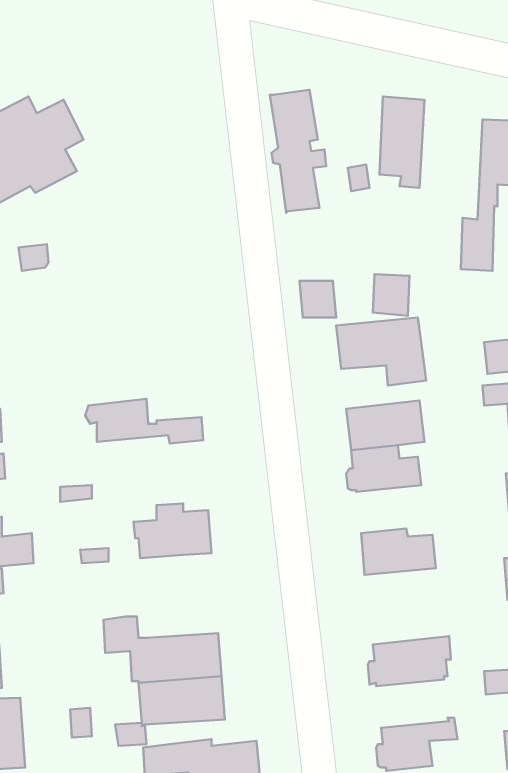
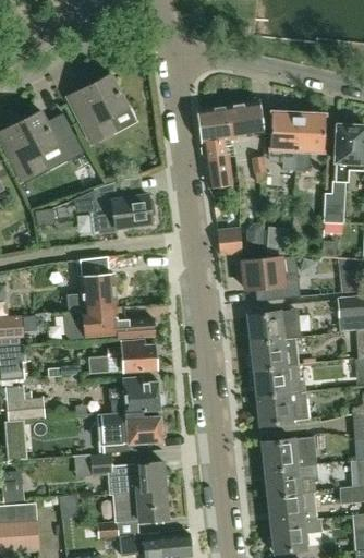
building: none -> [68,75,128,144]
building: none -> [225,101,264,140]
building: none -> [296,113,326,172]
building: none -> [89,180,155,235]
building: none -> [66,257,118,315]
building: none -> [108,341,157,374]
building: none -> [255,366,305,398]
building: none -> [101,412,165,452]
building: none -> [263,438,316,471]
building: none -> [268,494,316,525]

